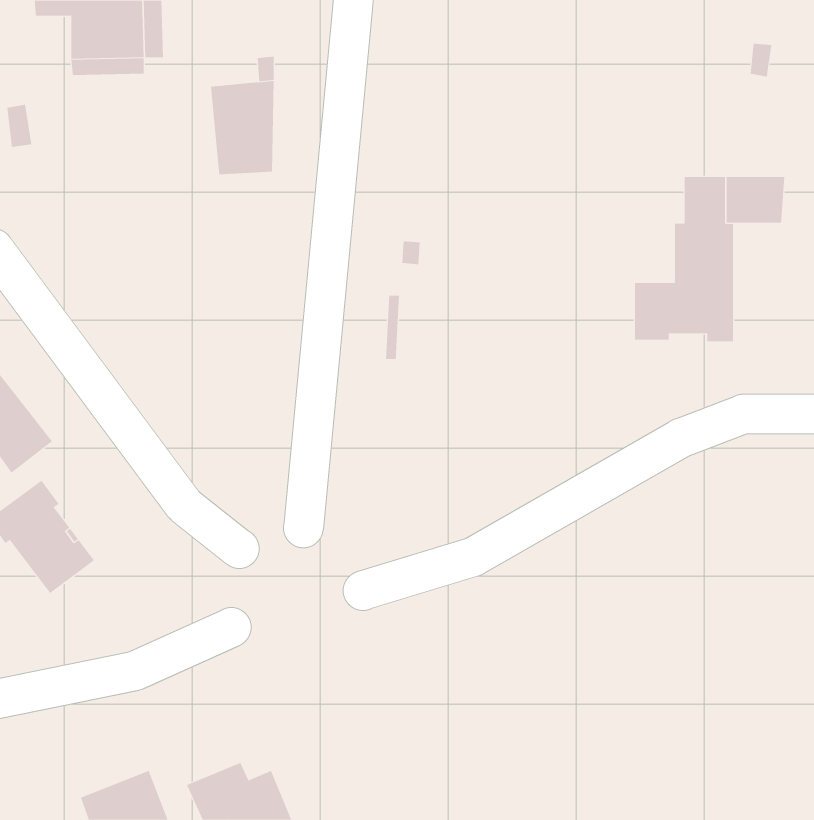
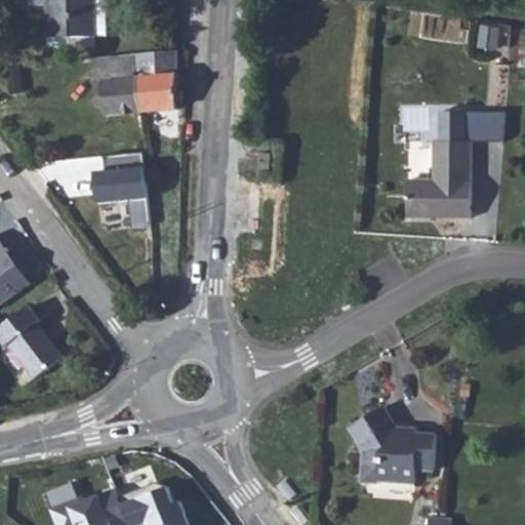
building: none -> [92,55,139,116]
building: none -> [94,153,150,224]
building: none -> [347,406,434,484]

